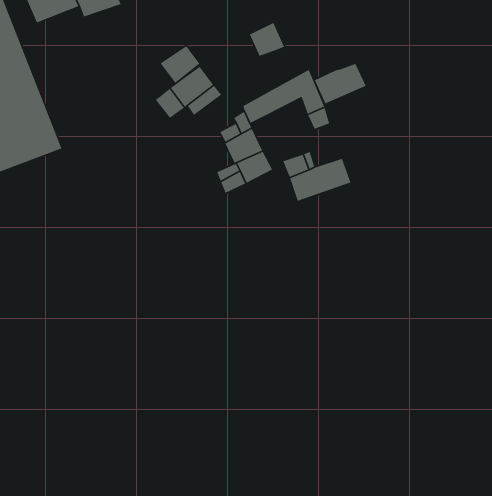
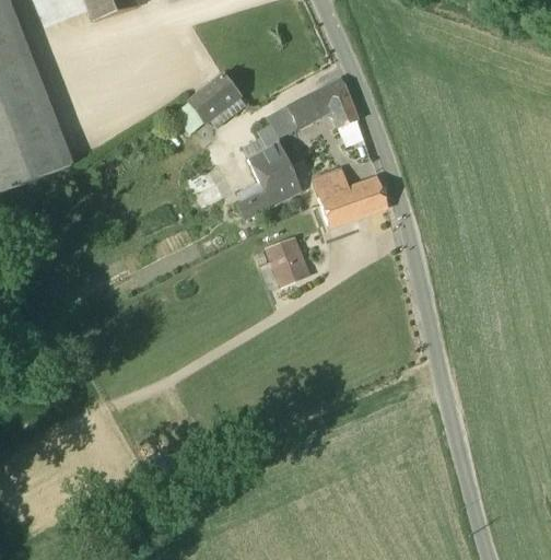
building: [249,22,285,57] -> none
building: [159,45,200,84] -> none
building: [314,63,367,105] -> none
building: none -> [268,237,307,283]

